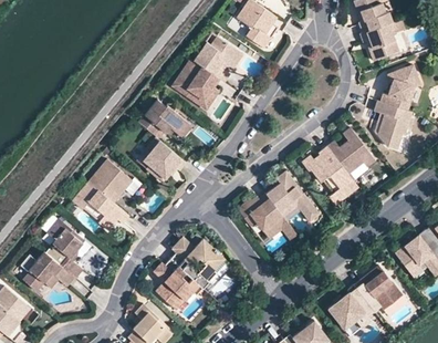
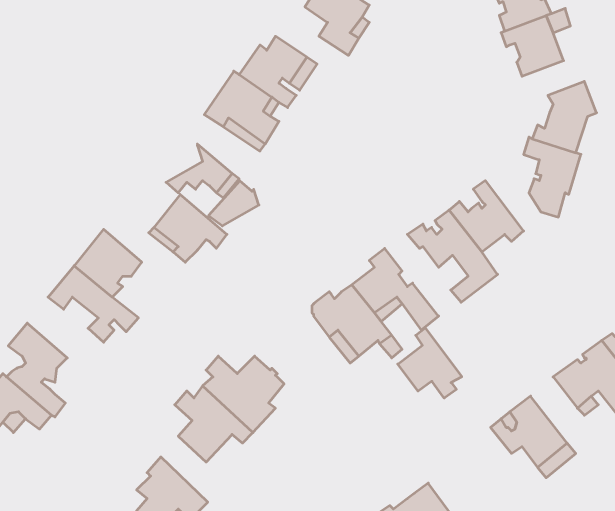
building: [138,100,170,128] -> [209,181,259,226]
building: none -> [398,328,462,398]
building: [328,284,369,329] -> none

